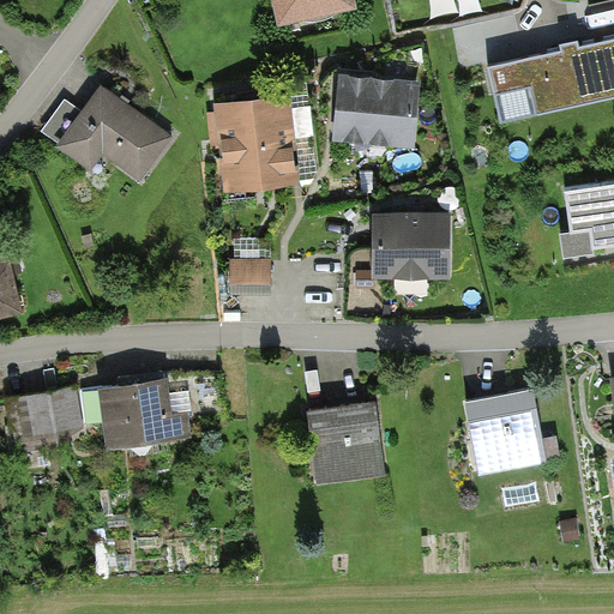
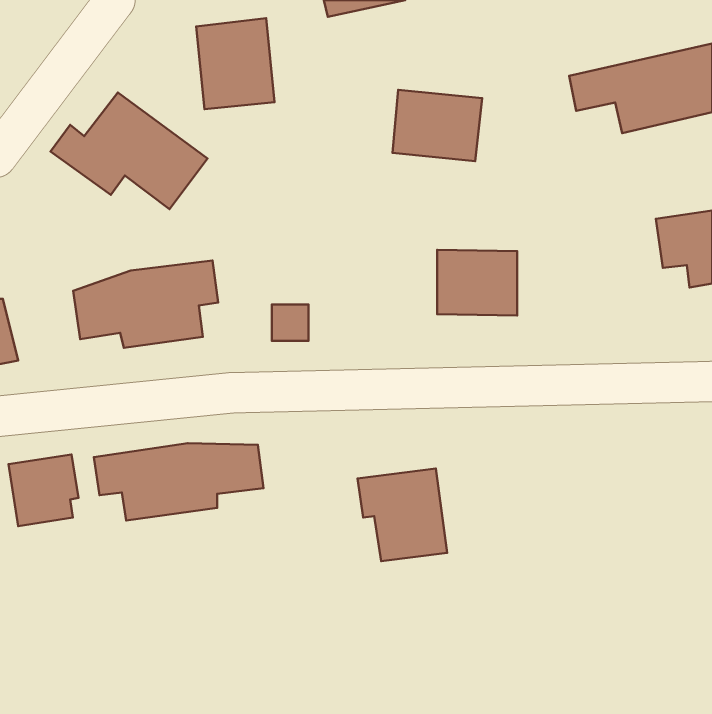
building: [221,103,288,181] -> [196,18,275,109]
building: none -> [73,260,218,348]
building: [464,390,556,471] -> none

